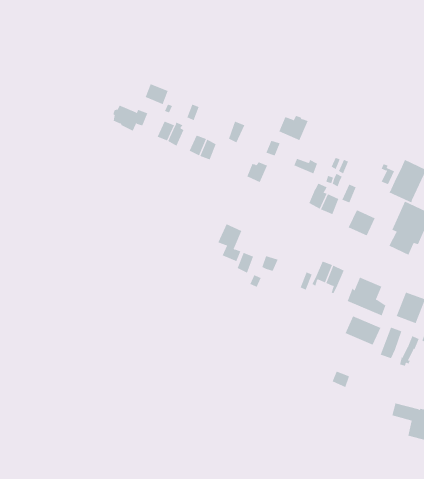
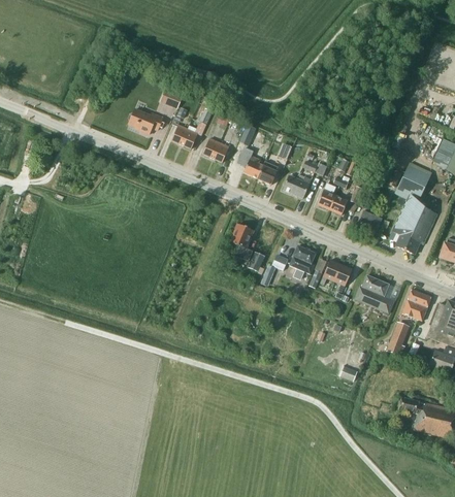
building: [278,115,308,141] -> [283,173,312,198]
building: none -> [237,146,263,177]
building: none -> [290,244,316,278]
building: [345,316,381,346] -> none

